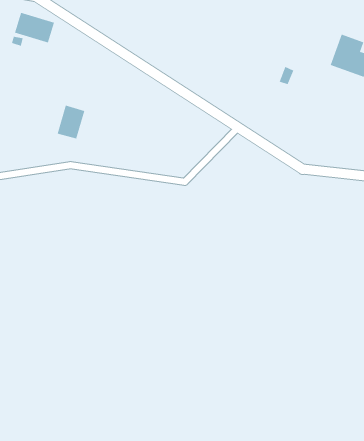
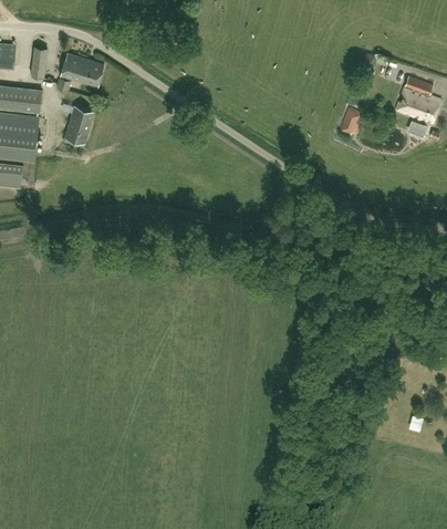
building: [57,105,85,139] -> [63,105,93,142]

